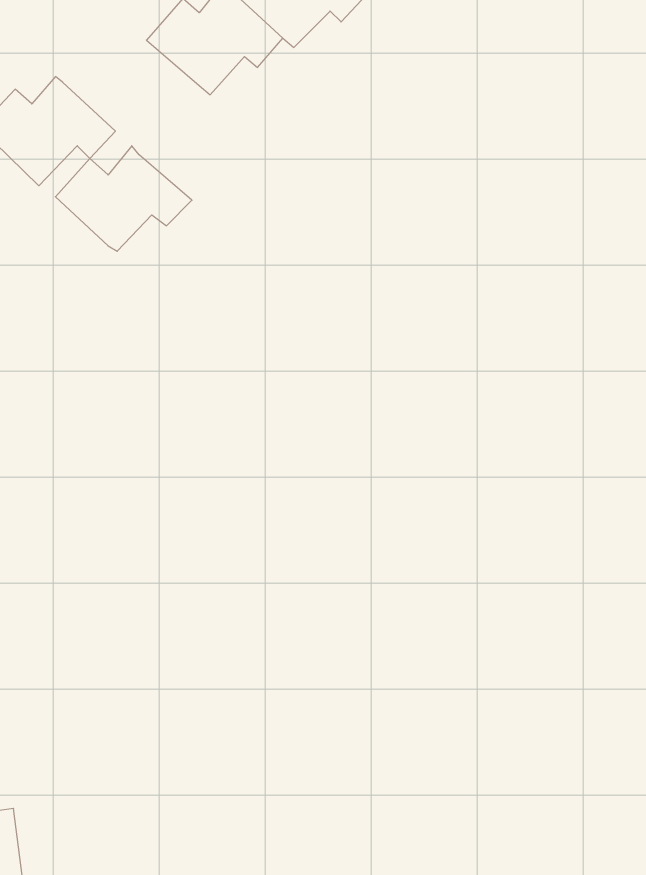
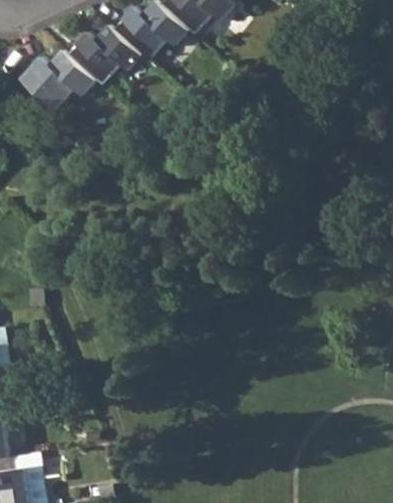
building: [55,146,192,251] -> [66,24,141,82]

